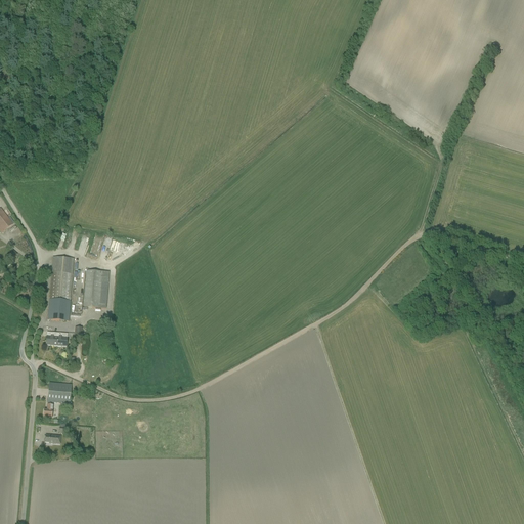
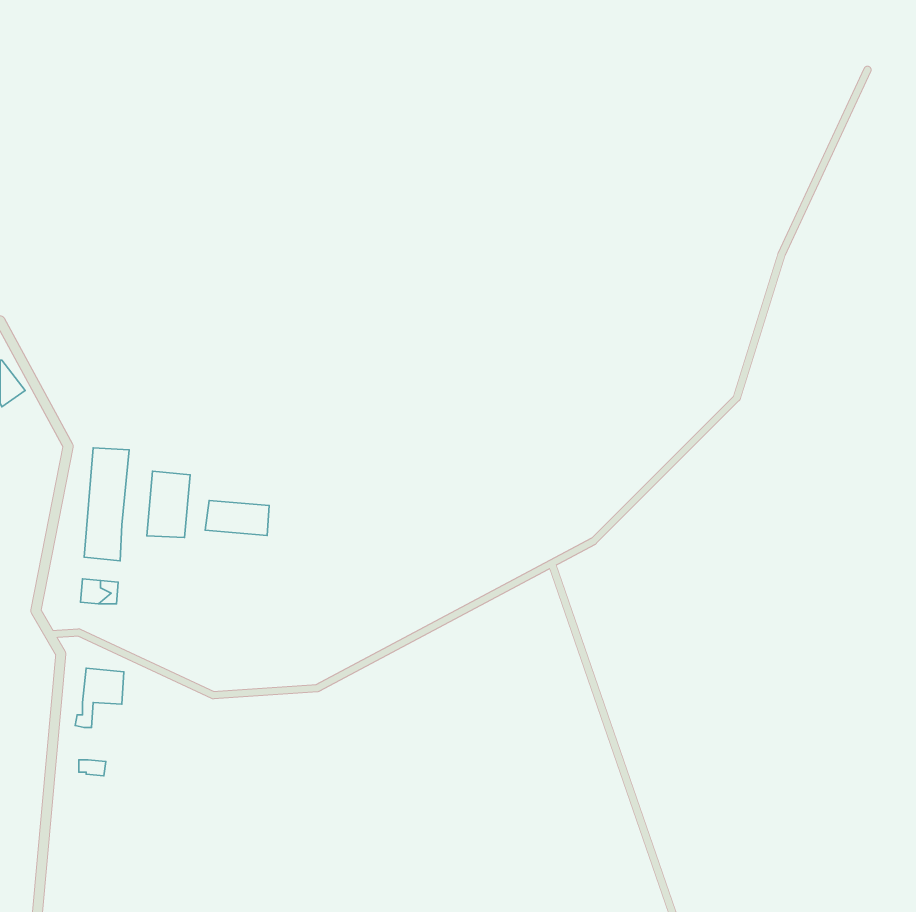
building: none -> [205,500,269,535]

